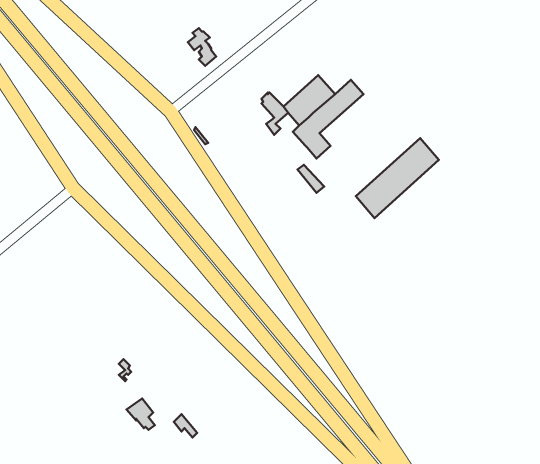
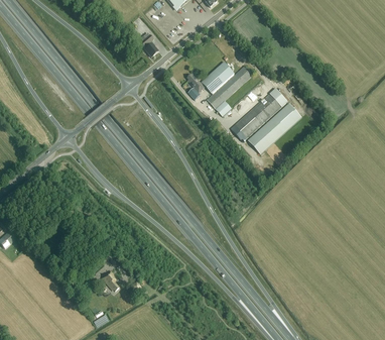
building: none -> [230,87,286,140]

